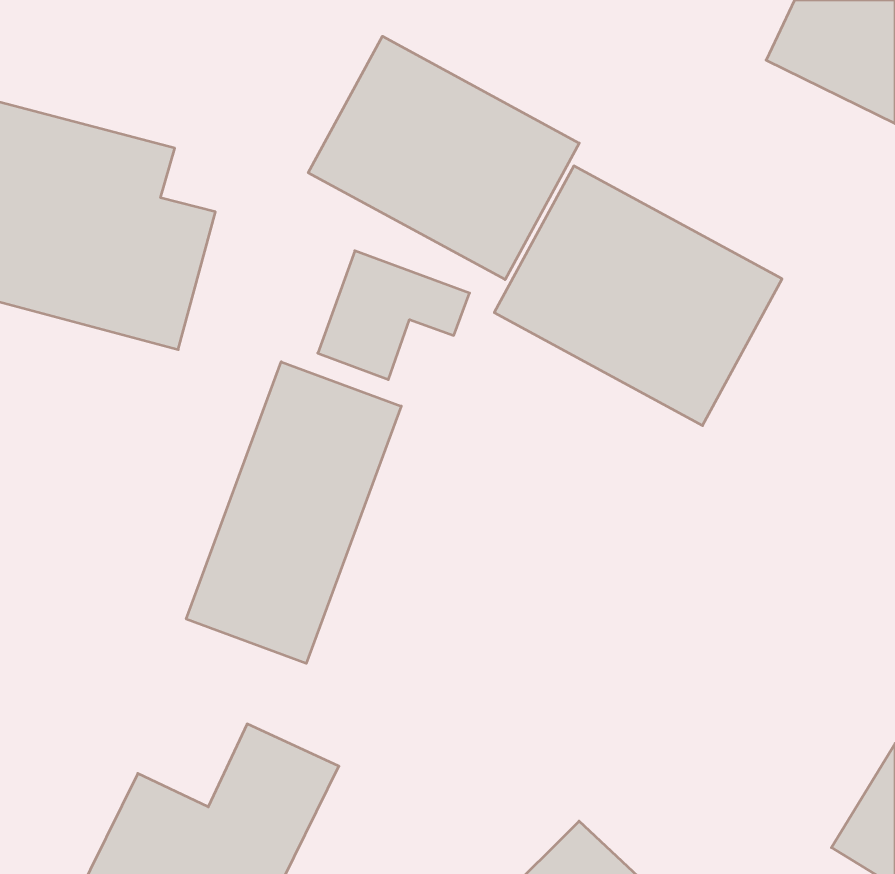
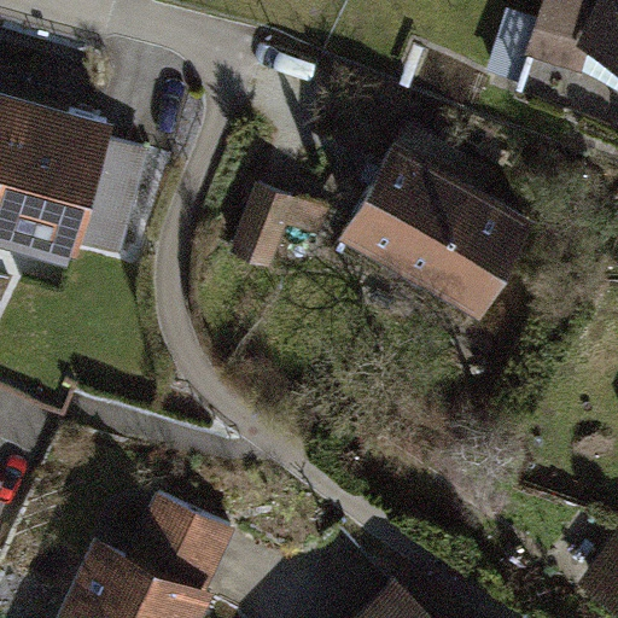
building: [308,36,579,280] -> none
building: [186,362,401,663] -> none

